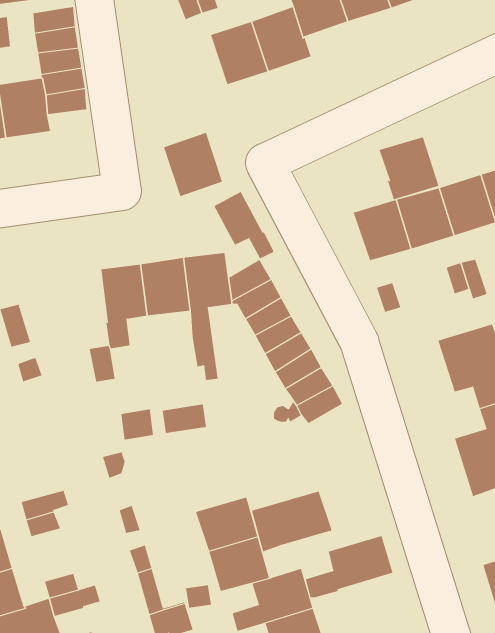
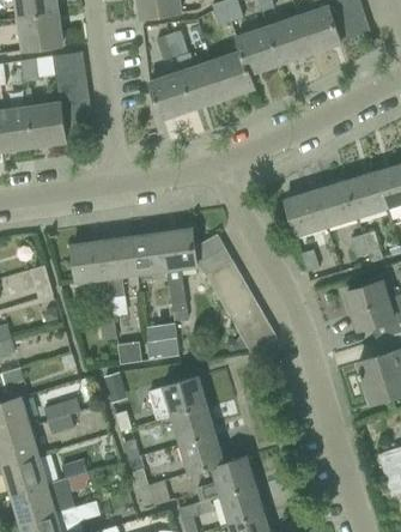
building: [163,132,223,197] -> [150,72,193,119]
building: [379,136,439,200] -> none
building: [214,191,274,259] -> none
building: none -> [71,241,107,283]
building: [251,491,332,552] -> [148,376,207,421]
building: [305,535,393,598] -> none

